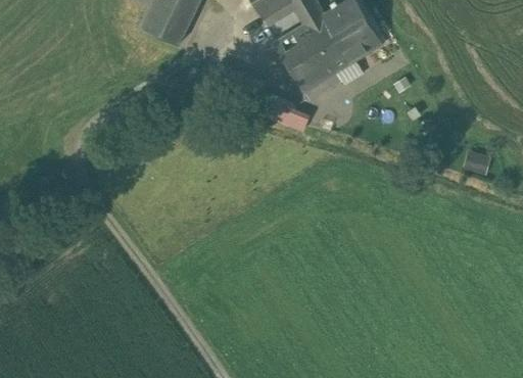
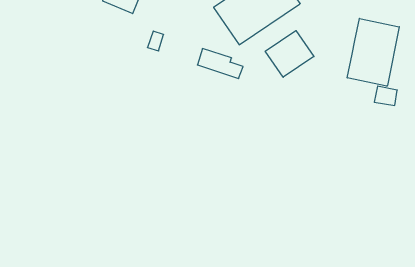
building: none -> [347,18,399,86]
building: none -> [265,31,314,77]

